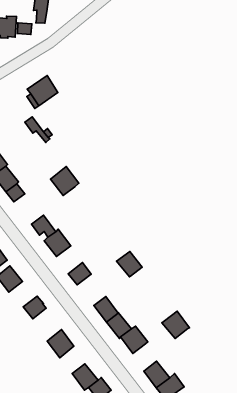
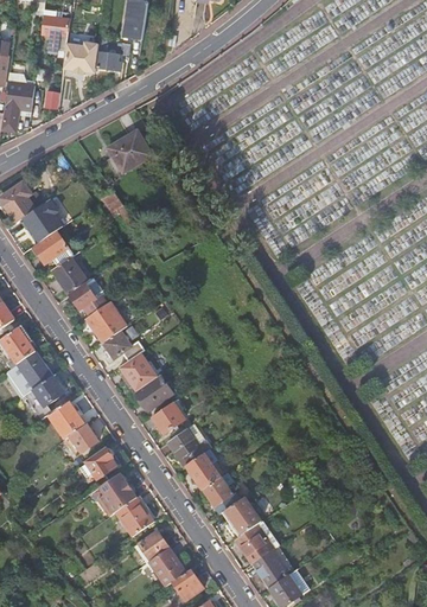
building: [51,167,79,196] -> [87,301,127,343]
building: none -> [135,375,173,410]
building: [116,251,142,277] -> [167,429,204,466]
building: none -> [65,423,98,452]
building: [162,311,190,338] -> [235,524,274,563]
building: none -> [100,473,138,510]
building: none -> [139,530,168,563]

